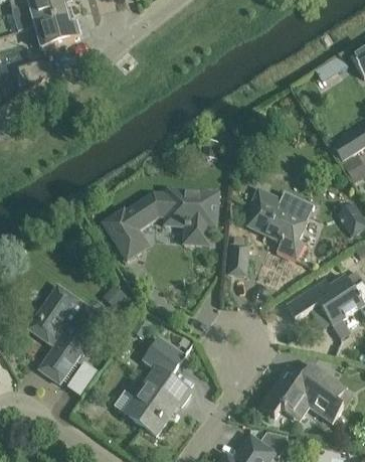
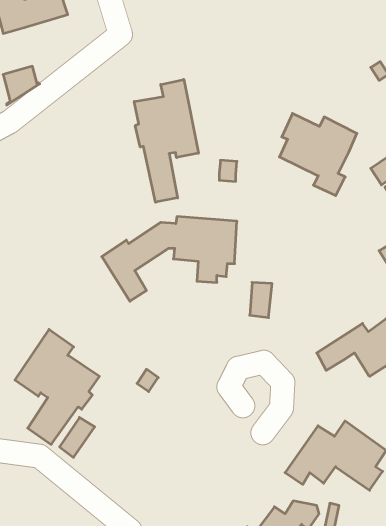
building: [36,14,79,47] -> none
building: none -> [134,79,198,202]
building: [247,187,314,258] -> [279,113,357,196]
building: [114,334,191,434] -> none

